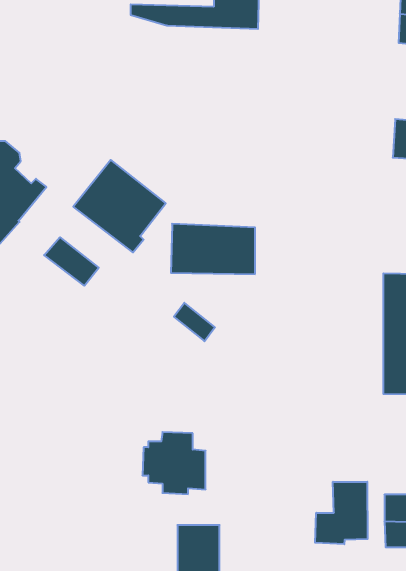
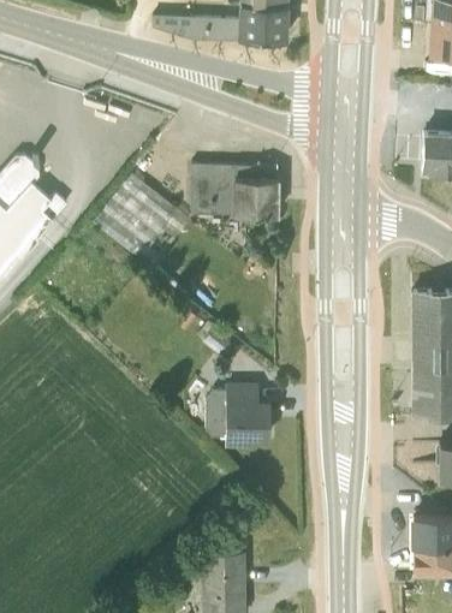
building: [171,224,255,274] -> [191,163,278,215]
building: [44,237,99,286] -> none
building: [142,432,206,494] -> [204,382,269,446]
building: [315,482,368,544] -> none

